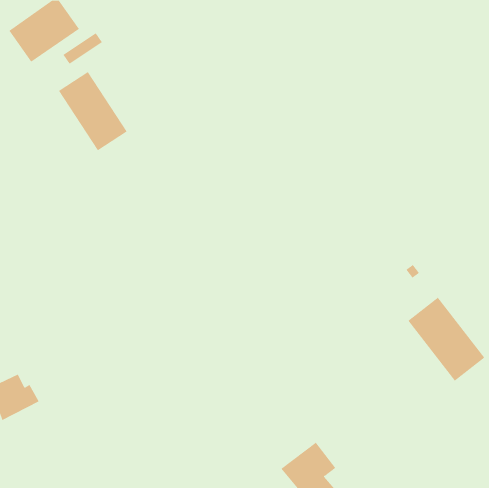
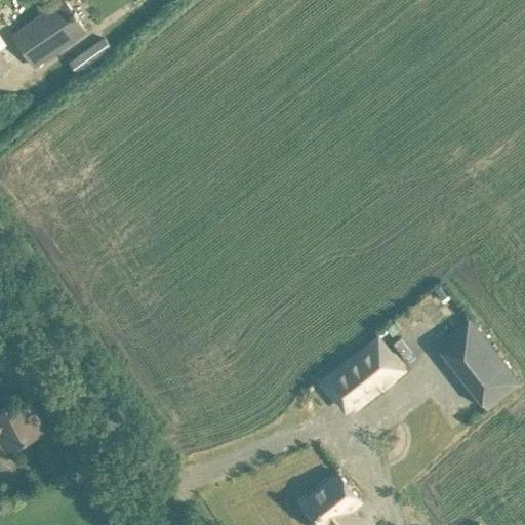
building: [58,71,128,151] -> none
building: none -> [319,339,402,409]

